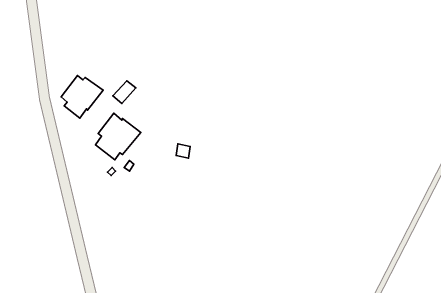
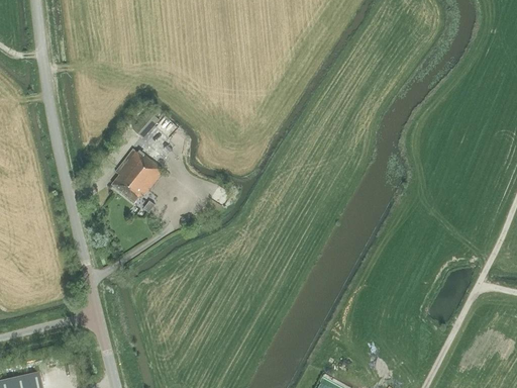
building: [61,76,103,118] -> none

